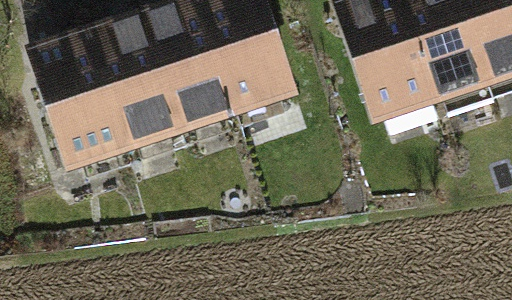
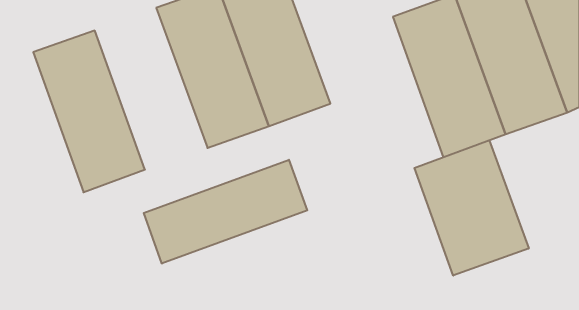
building: [84,25,183,167] -> none
building: none -> [414,140,529,276]
building: none -> [144,160,307,264]

